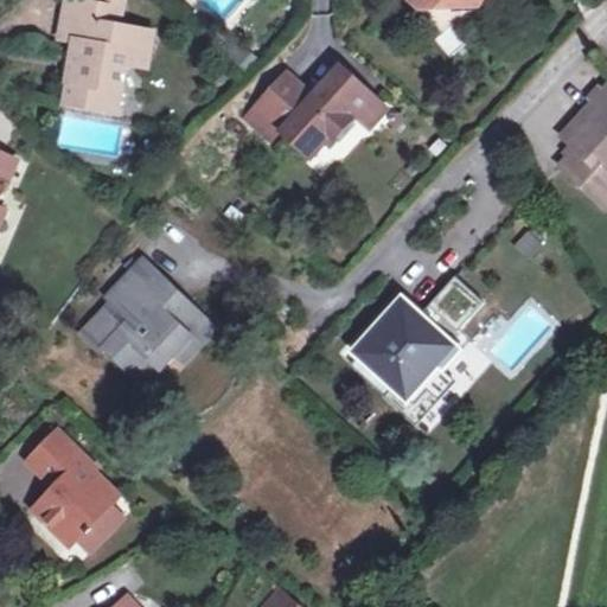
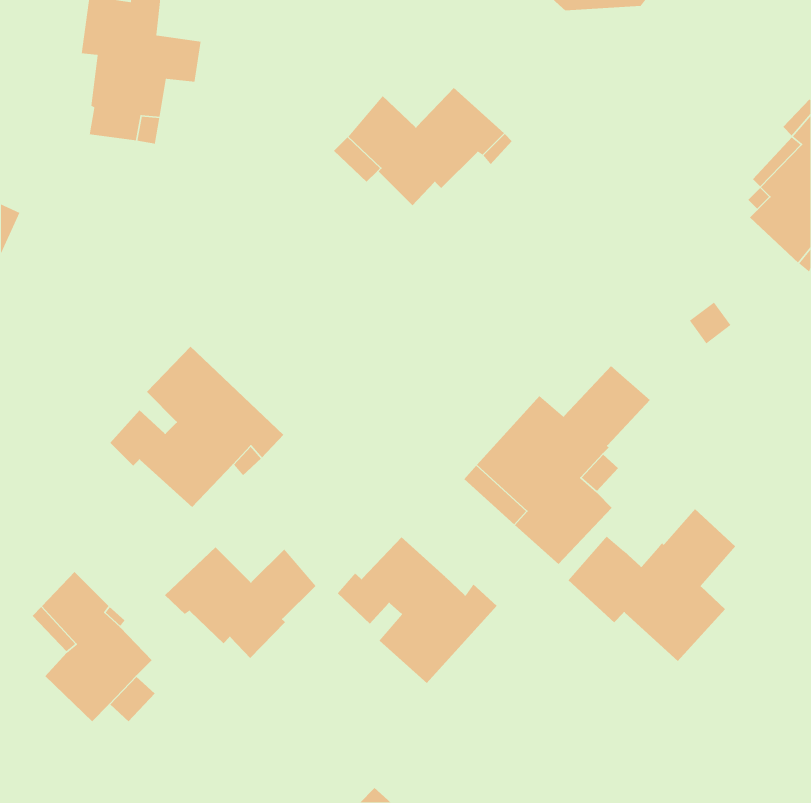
building: none -> [568,508,736,662]
building: none -> [337,537,498,684]
building: none -> [164,546,317,659]

